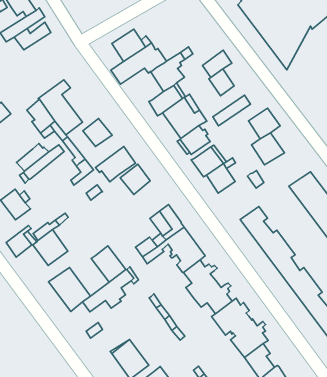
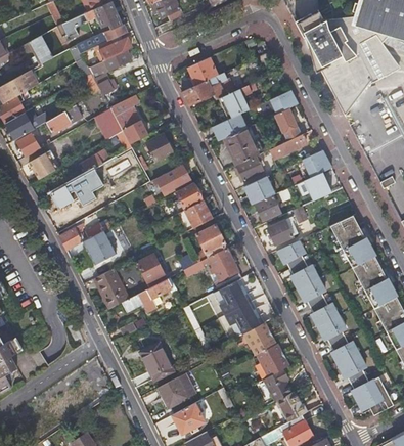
building: none -> [88,49,132,94]
building: none -> [177,199,212,231]
building: none -> [267,216,298,244]

